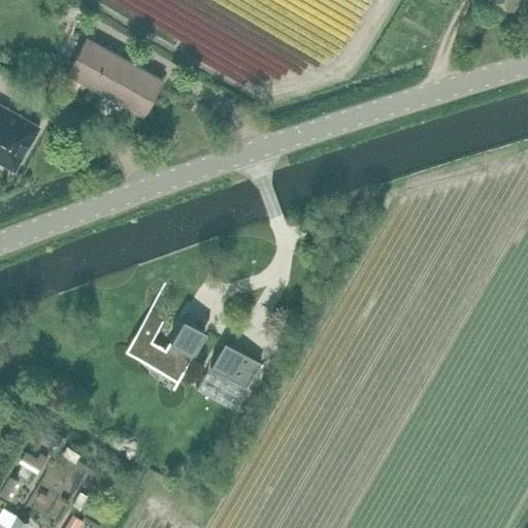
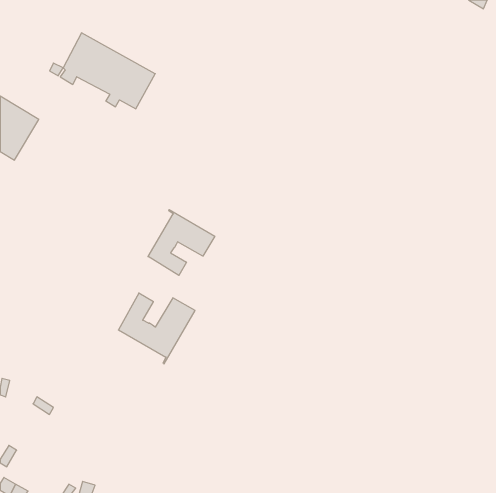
building: none -> [148,210,215,275]
building: [196,343,261,412] -> none

